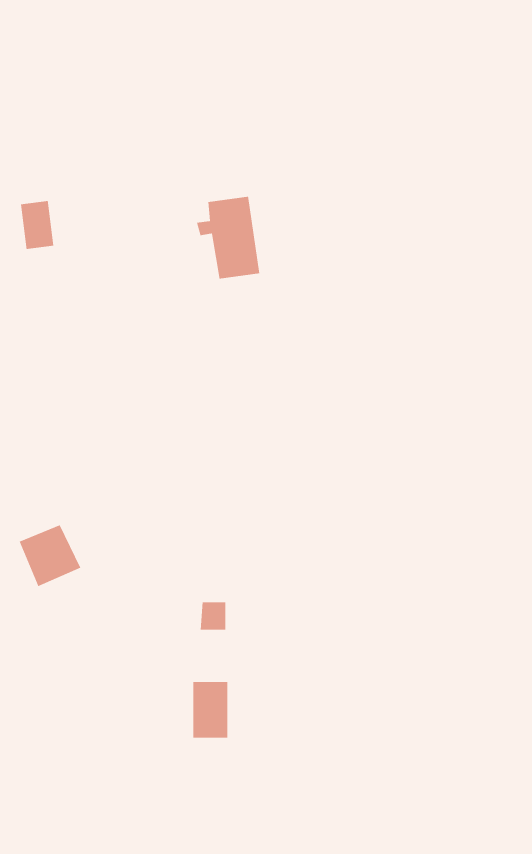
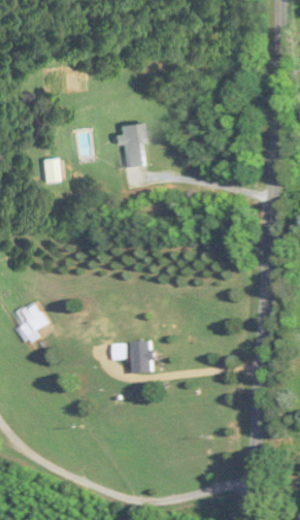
building: [20,201,54,250] -> [39,158,58,185]
building: [192,682,228,738] -> [134,342,154,372]

